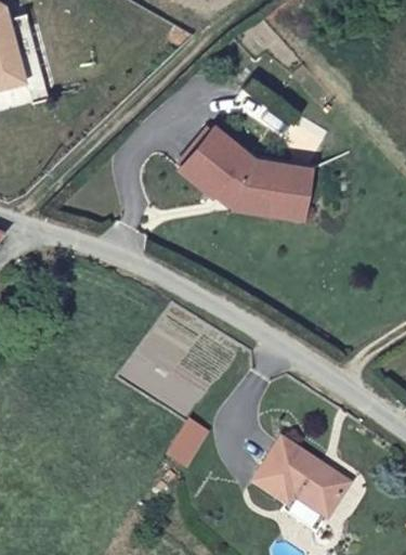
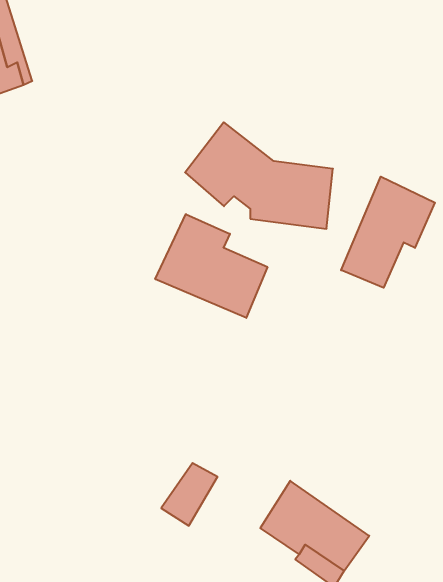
building: none -> [341,177,435,288]
building: none -> [155,214,267,318]

